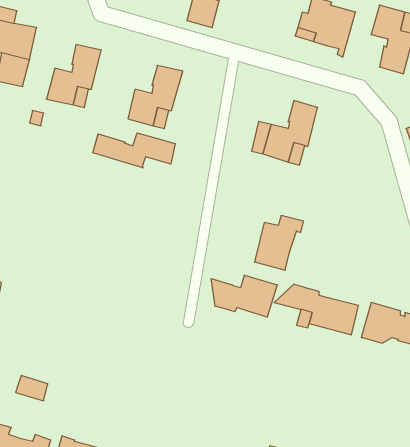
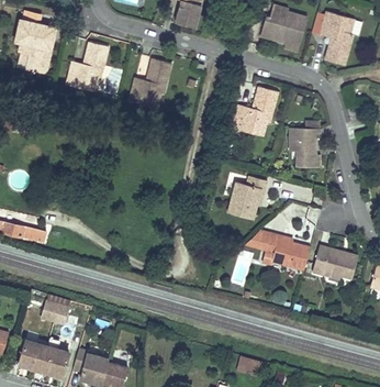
building: [93,133,175,168] -> none
building: none -> [290,128,321,167]
building: [211,275,277,317] -> none

